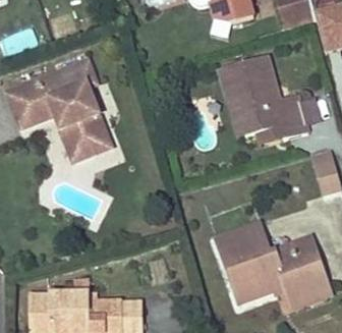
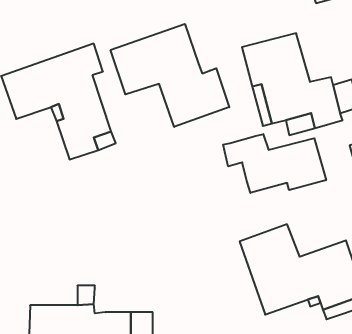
building: none -> [111,24,229,127]
building: none -> [223,134,326,193]

